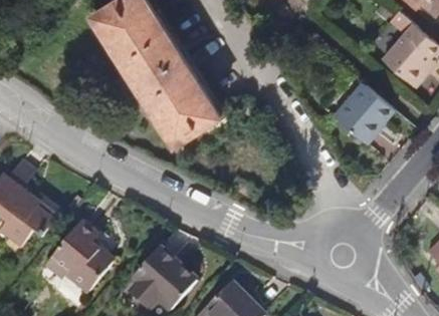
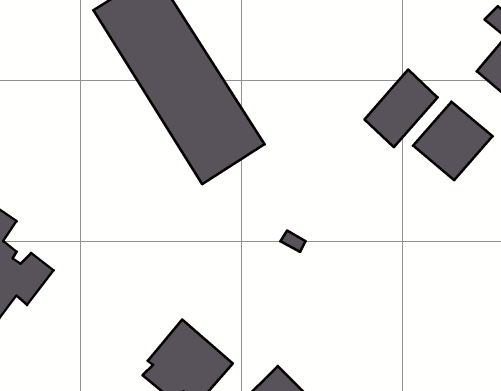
building: none -> [365,70,438,147]
building: [45,223,113,292] -> none

